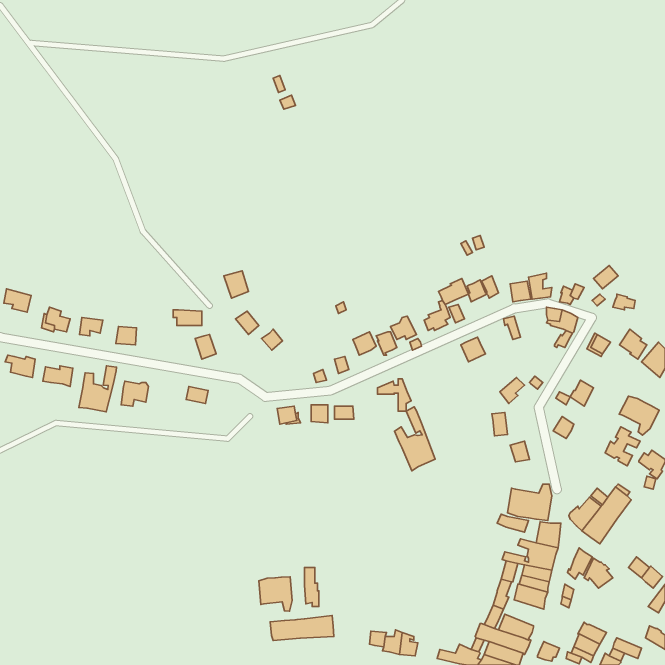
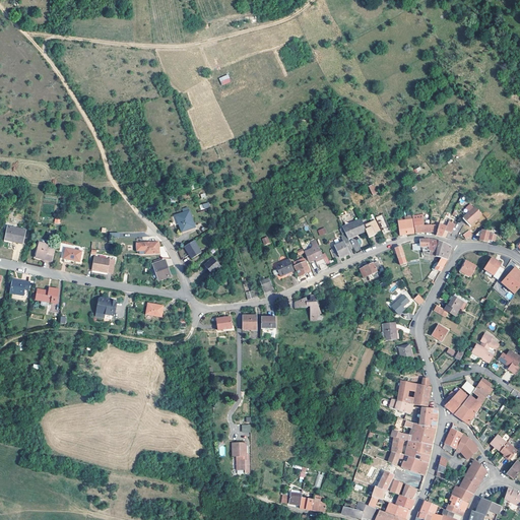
building: [79,366,116,412] -> none
building: [619,396,659,435] -> none
building: [394,407,435,471] -> none
building: [259,577,292,611] -> none
building: none -> [460,460,486,494]
building: [270,616,334,640] -> none

